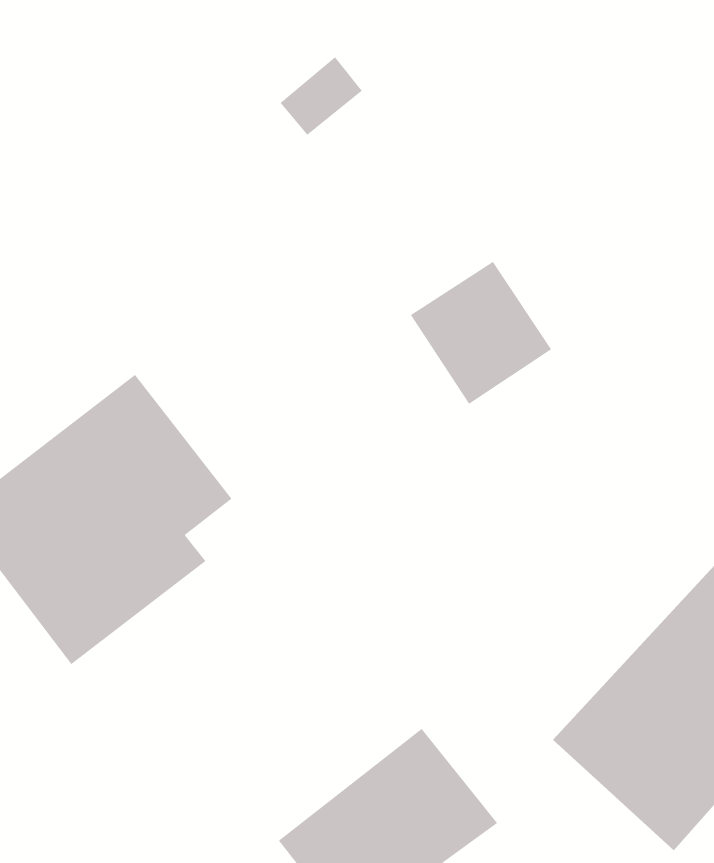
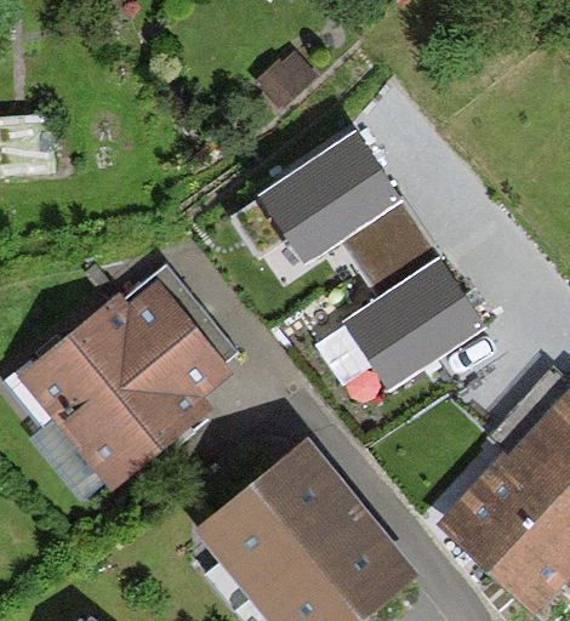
building: none -> [263,129,400,257]
building: none -> [348,258,485,384]
building: none -> [198,456,350,602]

